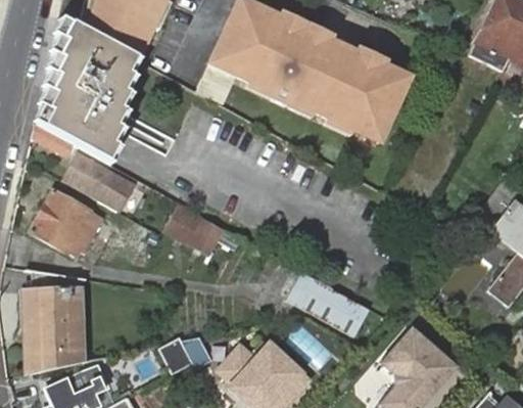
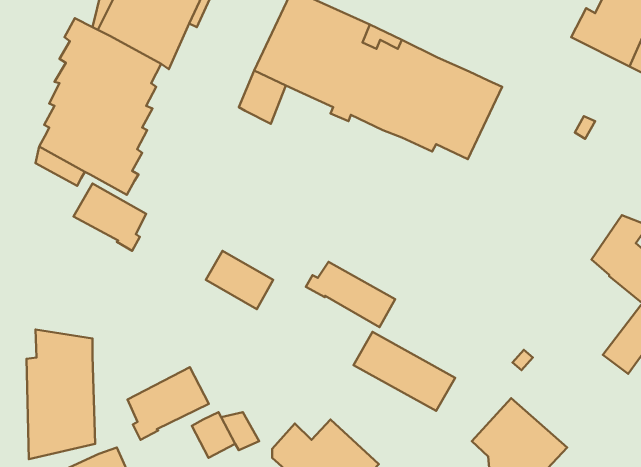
building: [33,190,100,256] -> none
building: none -> [306,262,395,327]
building: none -> [127,367,209,440]

